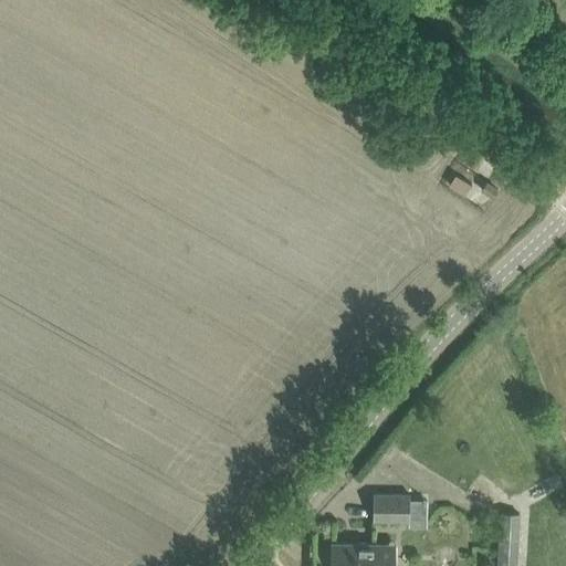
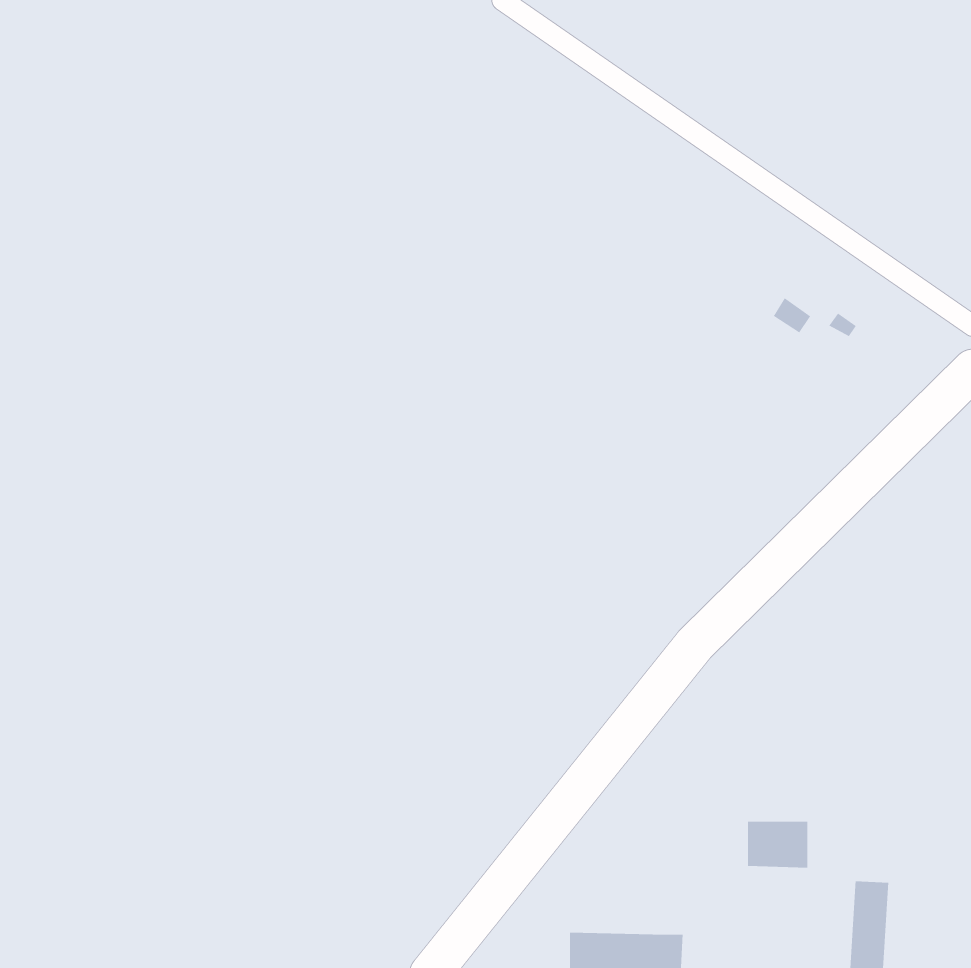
building: [375,496,410,524] -> [747,821,808,868]

